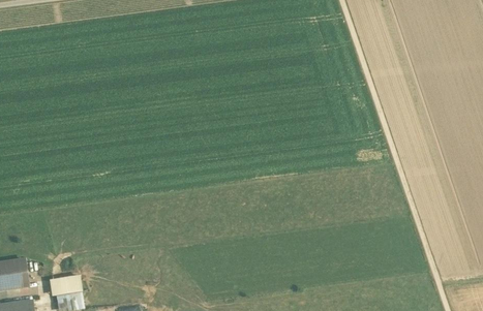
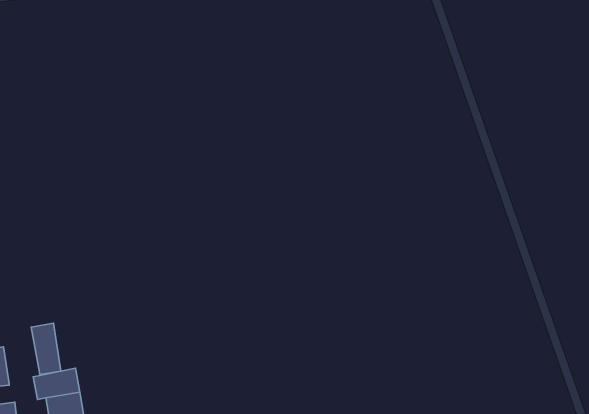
building: none -> [31,323,61,375]

